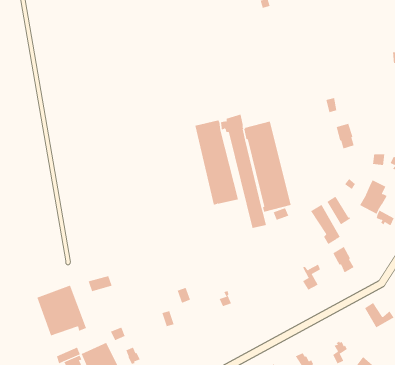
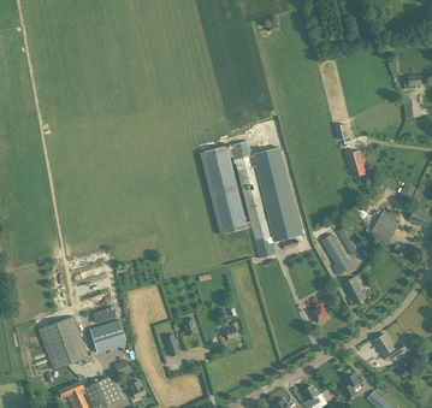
building: none -> [88,320,125,353]

